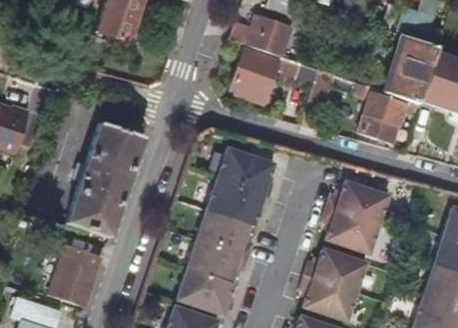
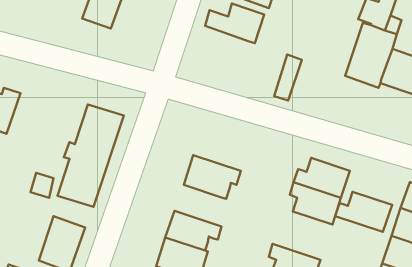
building: [233,50,302,103] -> none
building: [354,83,416,143] -> none
building: [217,147,275,196] -> none
building: [197,211,254,256] -> none
building: [304,249,366,292] -> [335,192,392,232]

